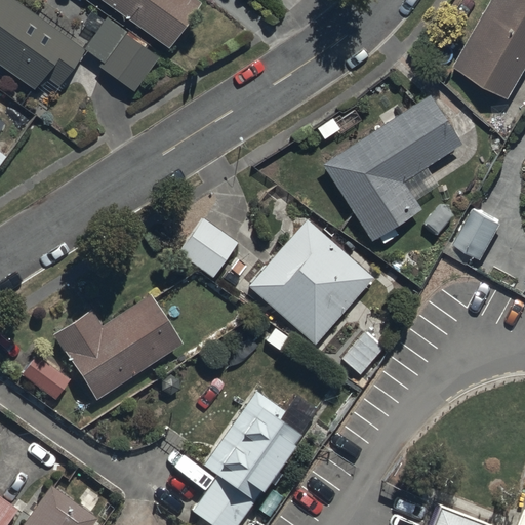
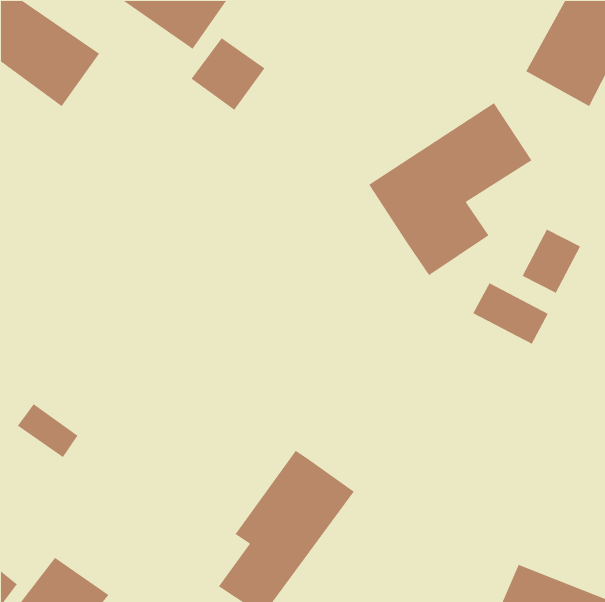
building: [98,31,163,94] -> [190,37,266,111]
building: [178,216,238,277] -> none
building: [248,220,371,344] -> none
building: none -> [472,282,549,345]
building: [52,293,184,397] -> none

